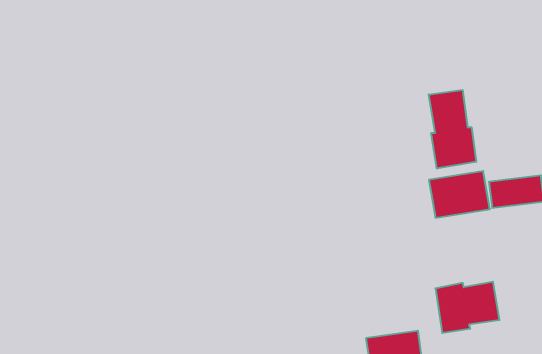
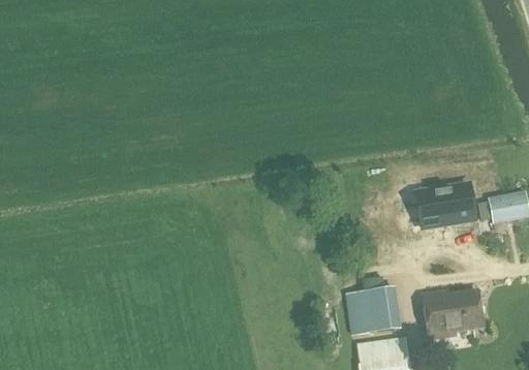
building: [429,90,476,169] -> none
building: none -> [345,287,400,334]

